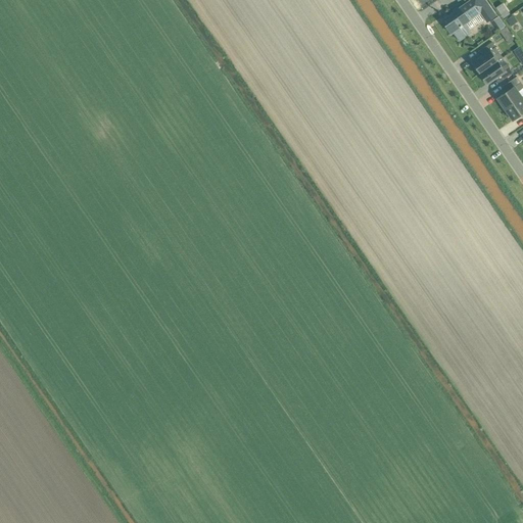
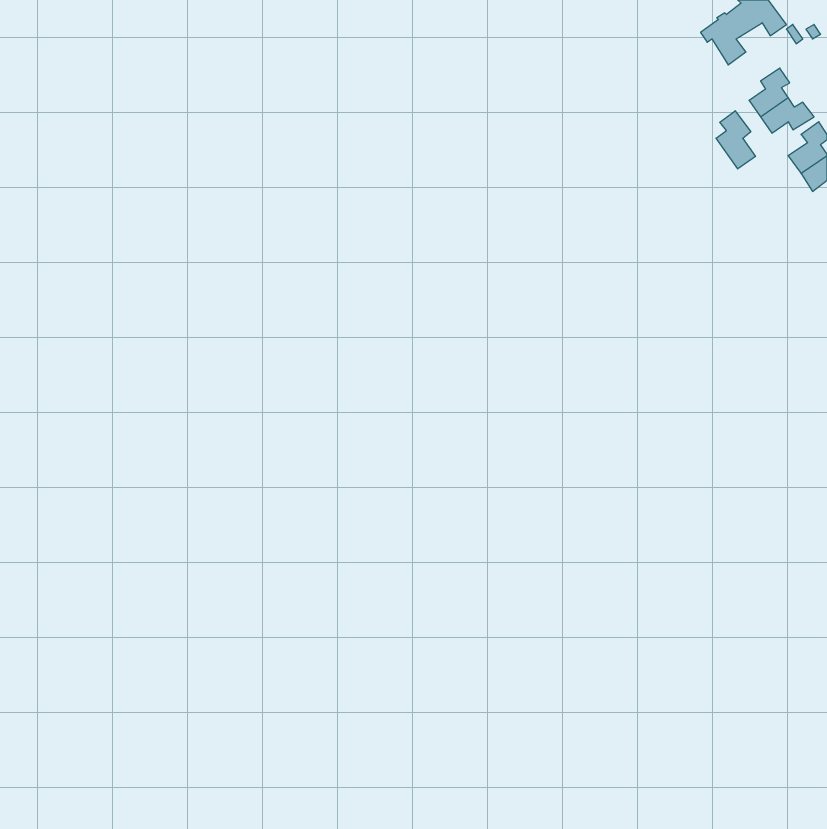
building: none -> [716,111,755,169]

